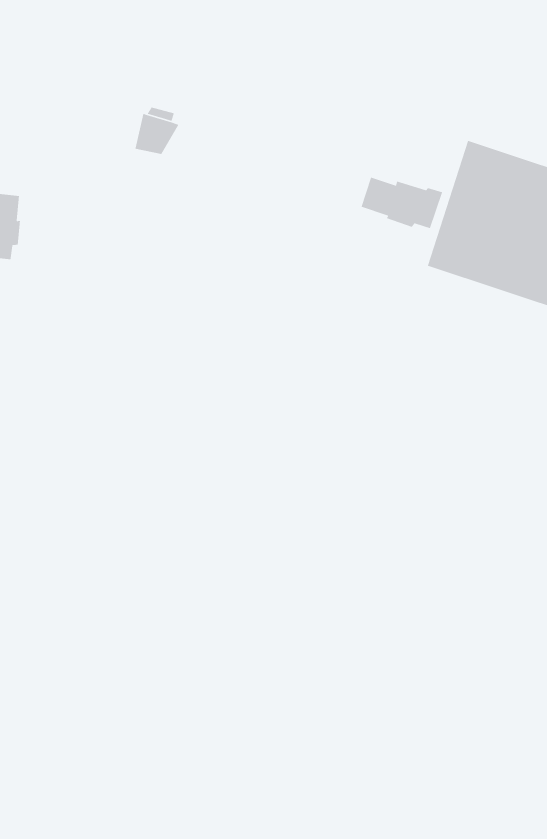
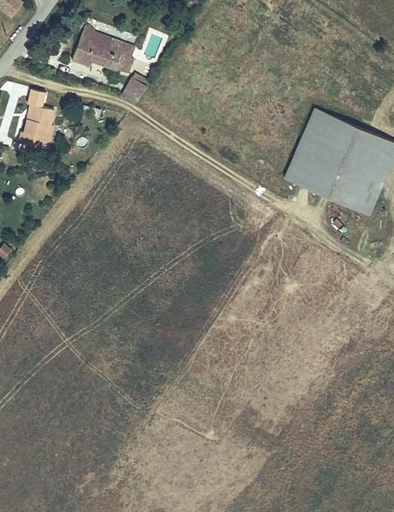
building: none -> [69,18,133,68]
building: [361,177,443,229] -> none

